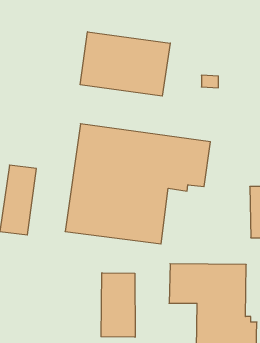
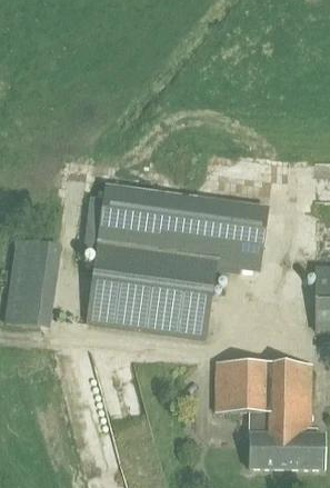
building: [80,32,170,96] -> none
building: [101,273,135,337] -> none

